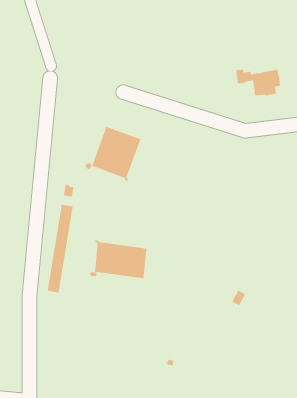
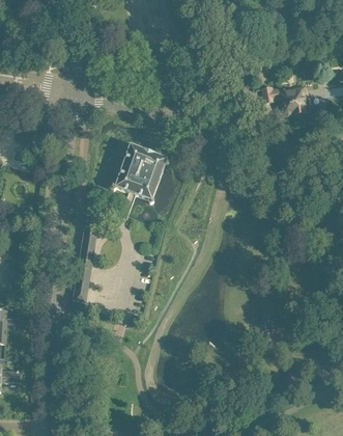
building: [89,239,147,279] -> none

